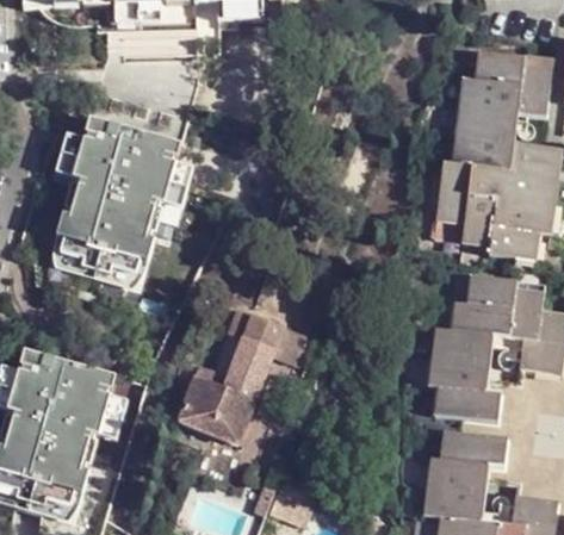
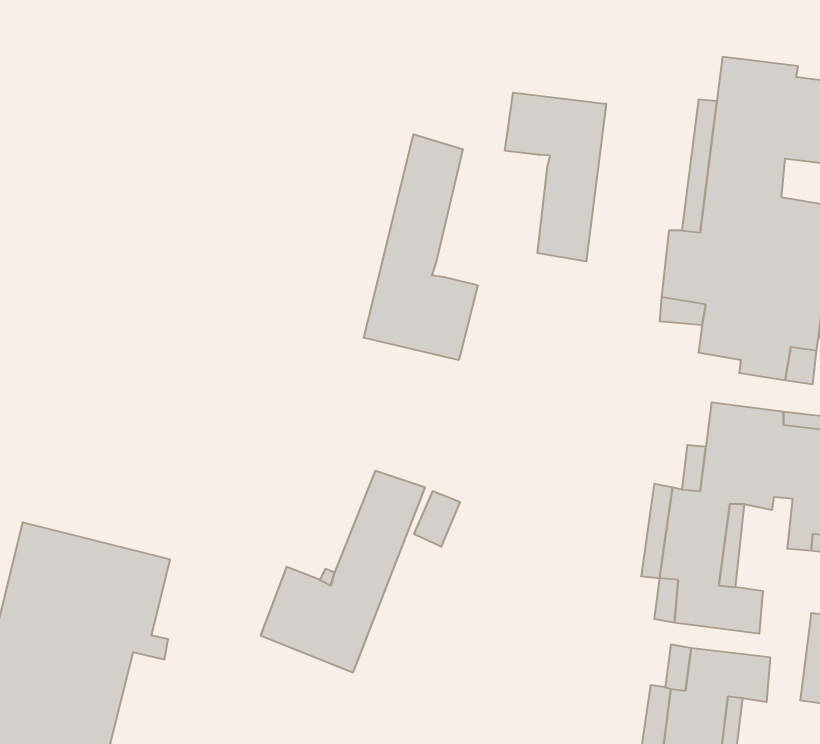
building: none -> [505,93,606,262]
building: none -> [364,134,478,360]
building: [55,118,194,279] -> none

